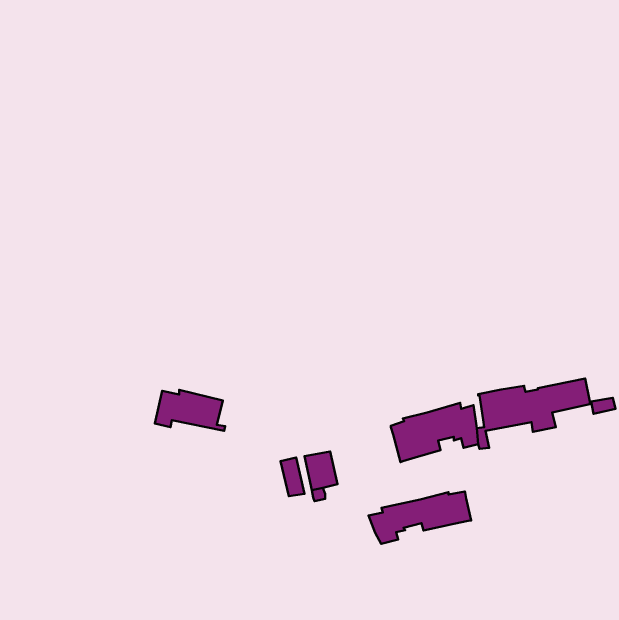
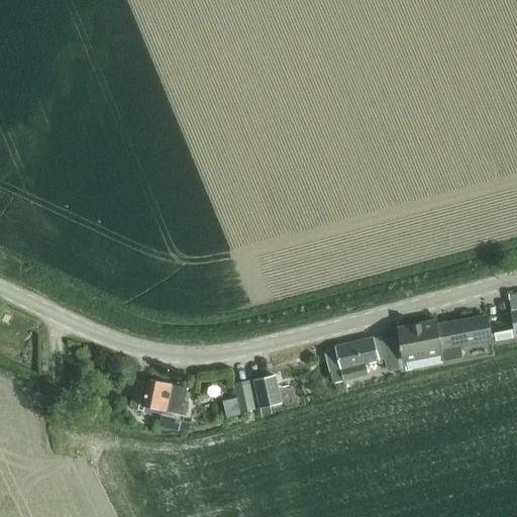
building: [155,390,225,431] -> [128,380,187,414]
building: [369,492,471,544] -> none

